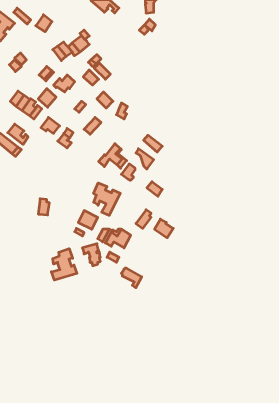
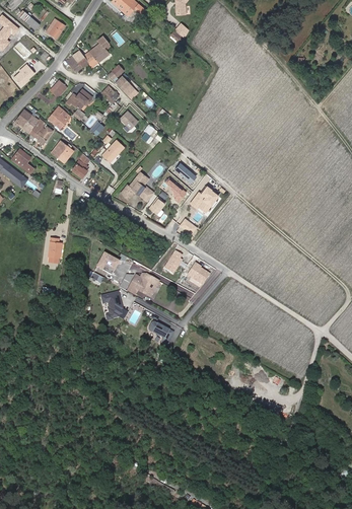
building: none -> [189,187,218,213]
building: [94,183,120,215] -> none
building: [51,249,77,280] -> none

